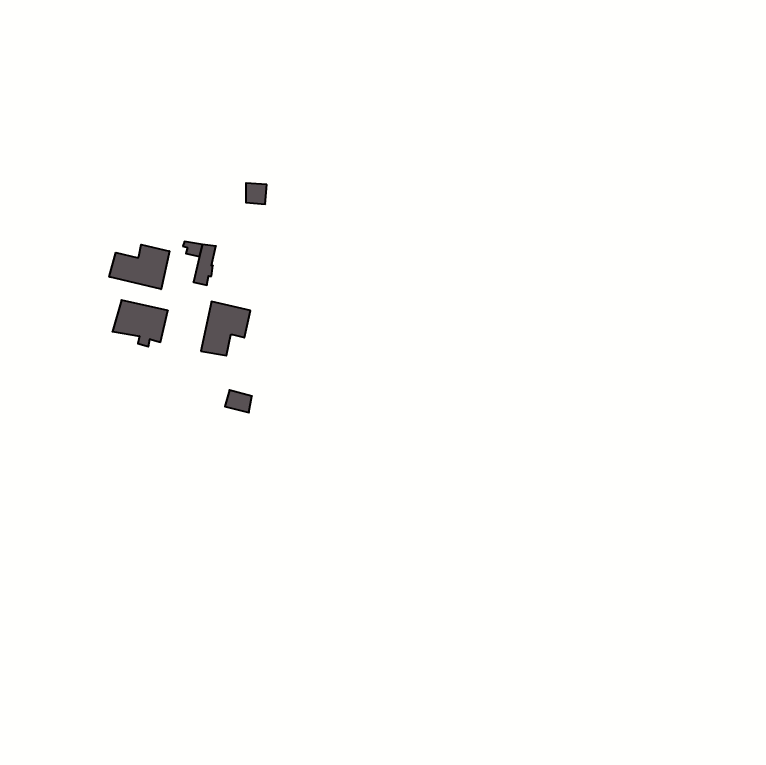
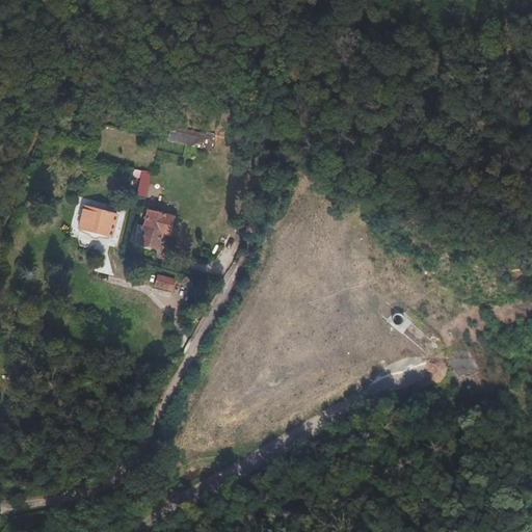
building: [109,245,169,289] -> none

